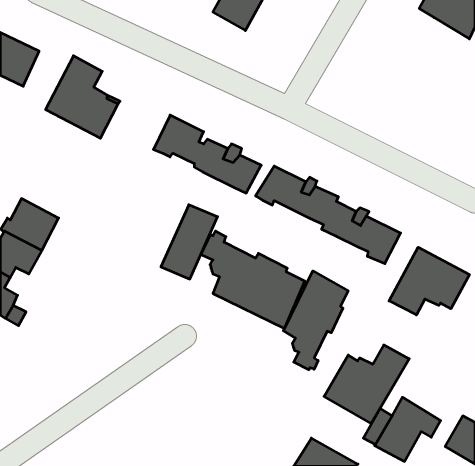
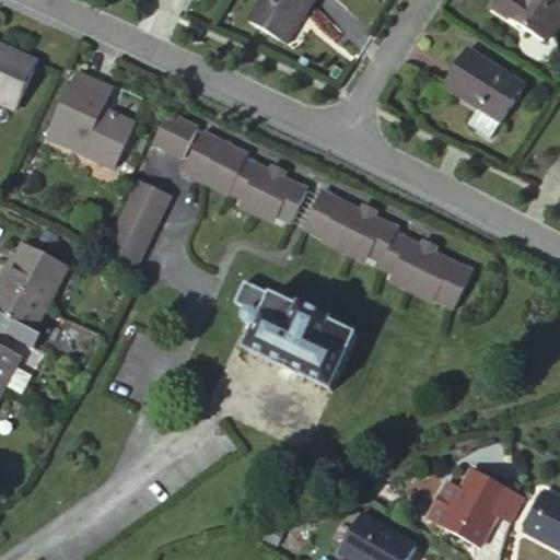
building: none -> [447,52,530,142]
building: none -> [149,117,194,163]
building: [161,205,218,279] -> [105,171,172,258]
building: [389,247,469,315] -> none
building: [283,271,348,370] -> none
building: [324,345,409,424] -> none

